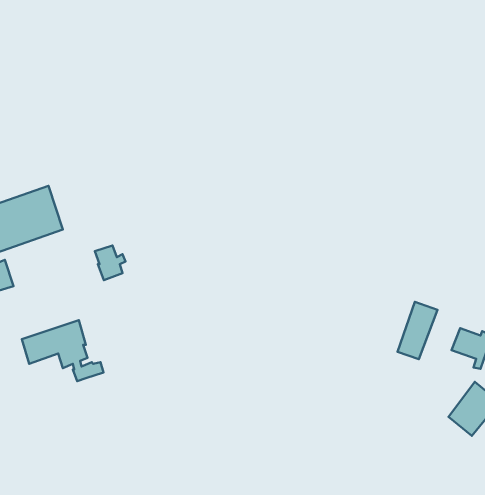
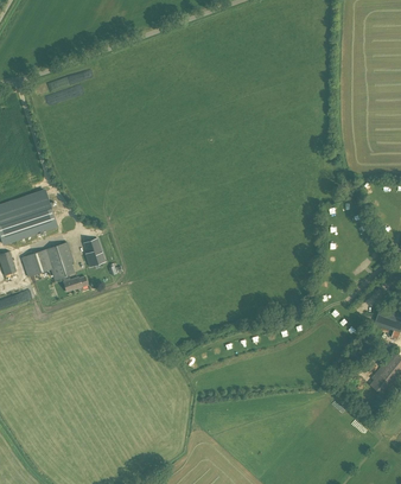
building: [397,302,438,359] -> none
building: [22,320,103,381] -> [20,242,87,292]

